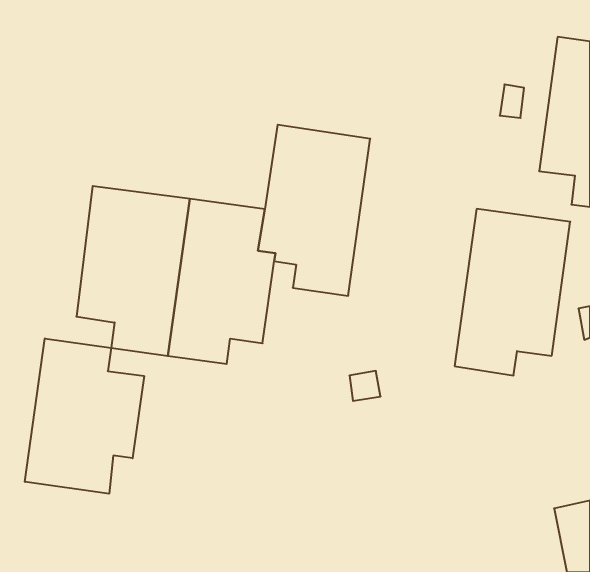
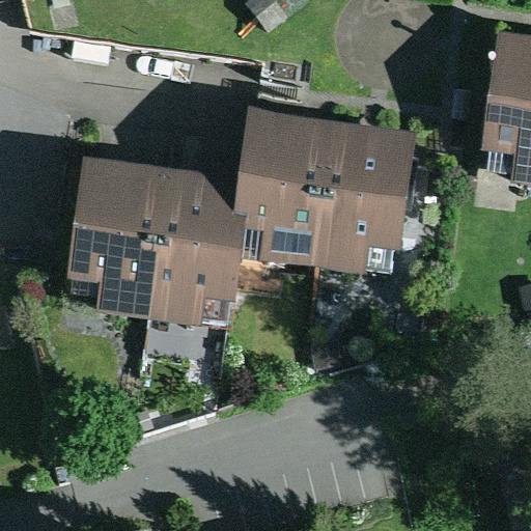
building: [455,209,570,375] -> [312,124,416,274]
building: [25,338,144,494] -> none

